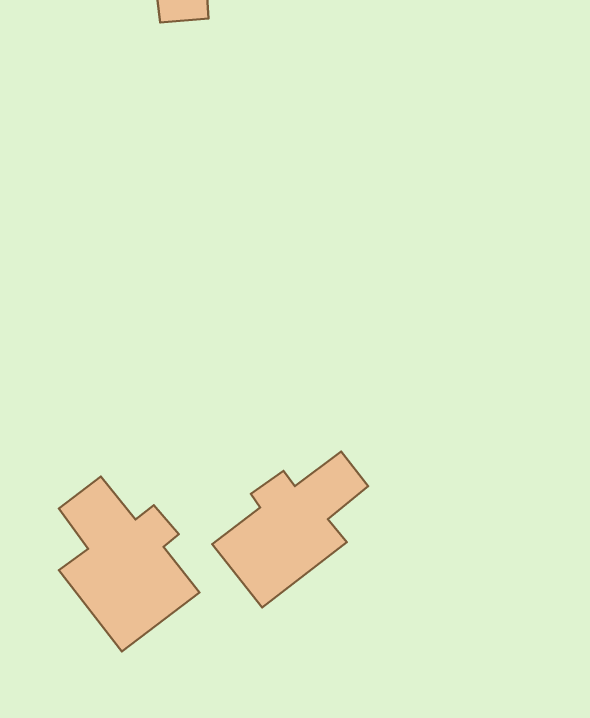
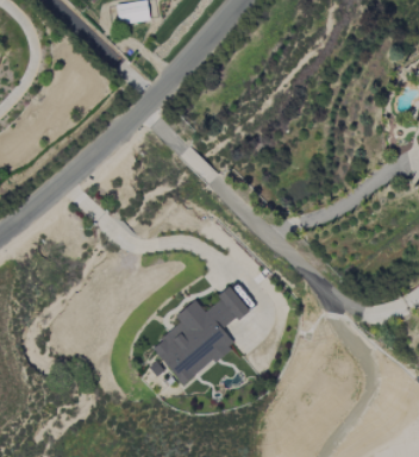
building: [59,476,199,652] -> none

